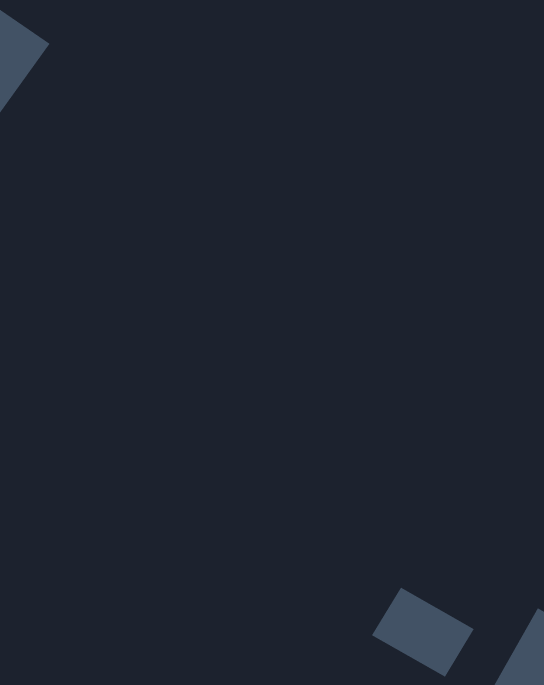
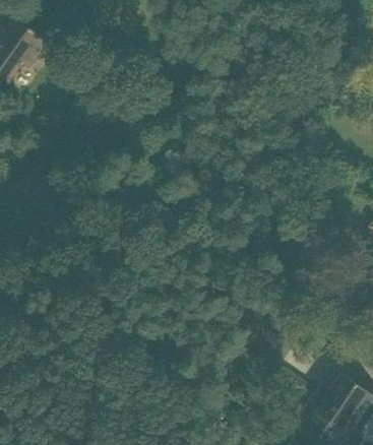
building: [371,587,475,677] -> none

